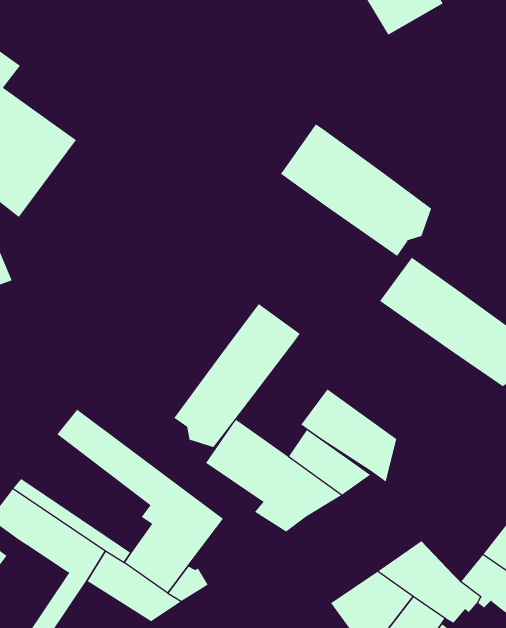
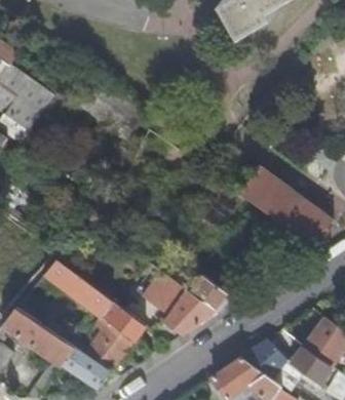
building: [280,123,432,257] -> none
building: [174,303,301,448] -> none
building: [301,389,397,482] -> none

